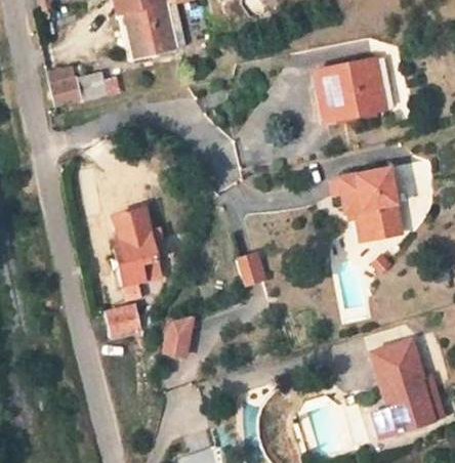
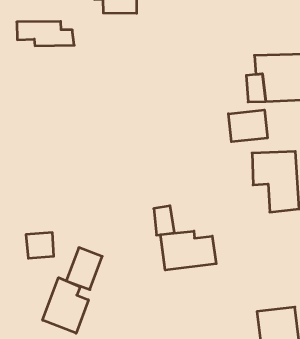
building: none -> [228,110,267,142]
building: [109,201,162,300] -> none
building: none -> [161,231,216,270]
building: none -> [43,278,88,333]

